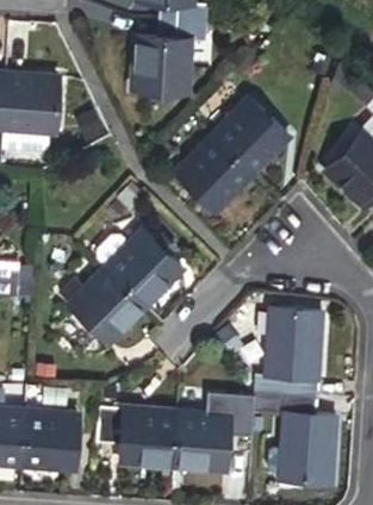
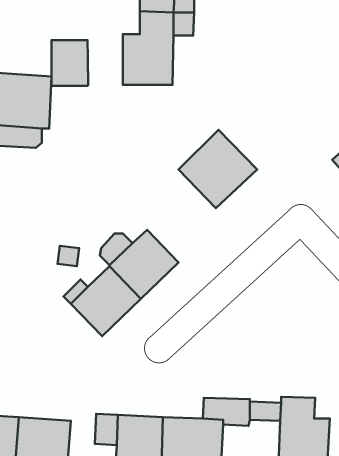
building: none -> [51,40,88,86]
building: [225,95,300,172] -> none
building: [269,314,323,397] -> none

